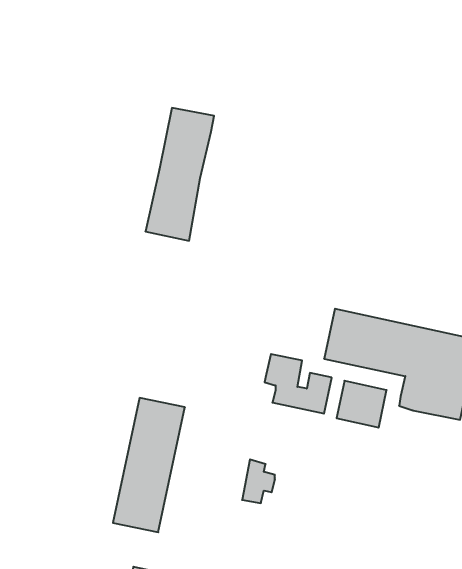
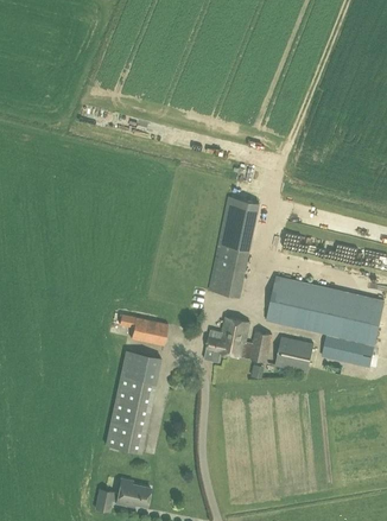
building: [145,108,214,241] -> [208,195,260,296]
building: none -> [120,313,169,344]
building: [242,459,275,503] -> [204,328,229,361]

